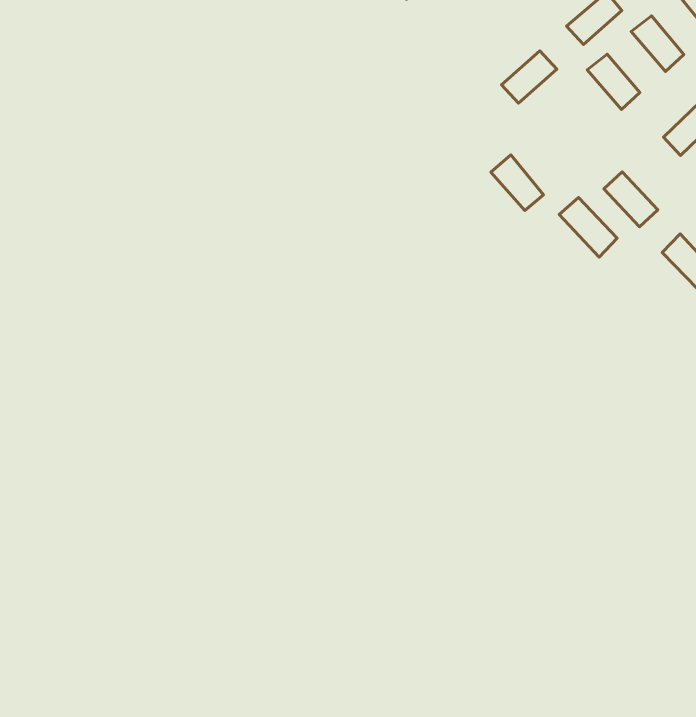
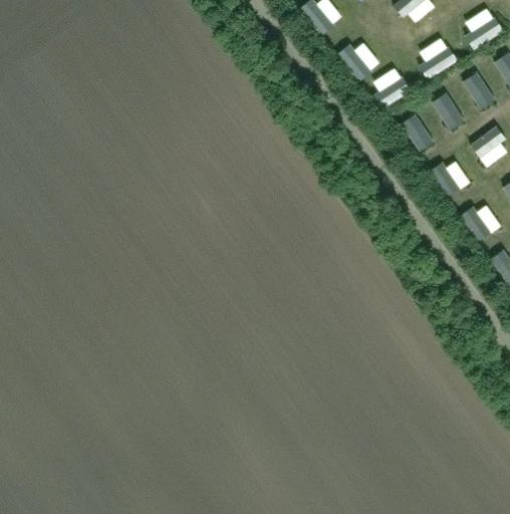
building: none -> [337,45,371,82]
building: [491,155,544,210] -> [398,108,429,145]
building: [559,198,617,257] -> none

